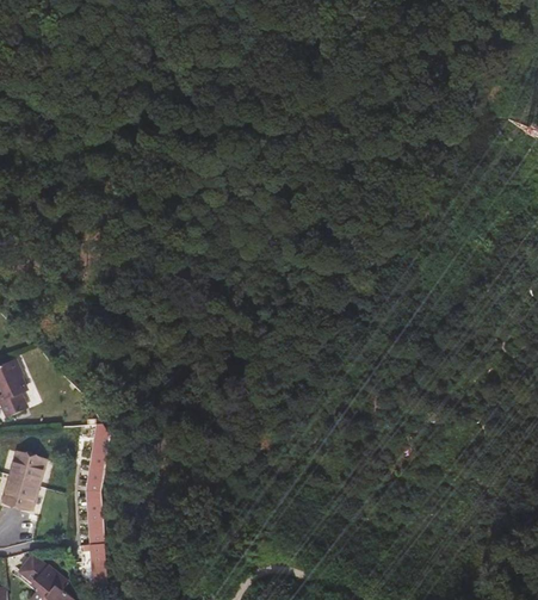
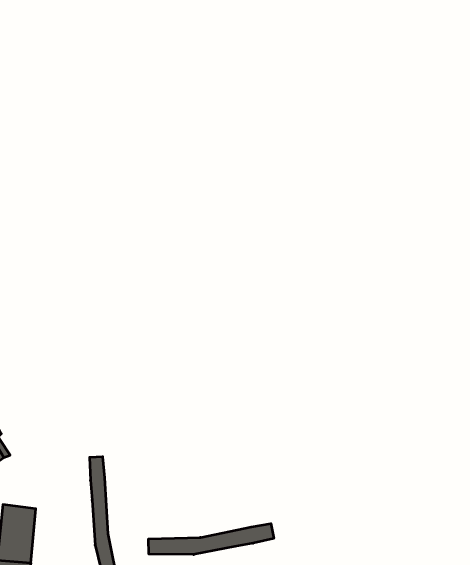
building: none -> [149,524,274,555]

